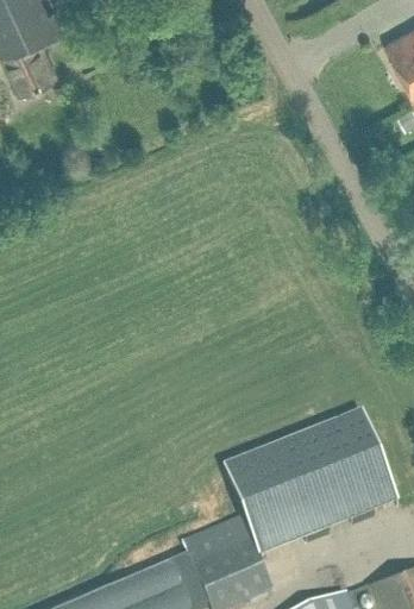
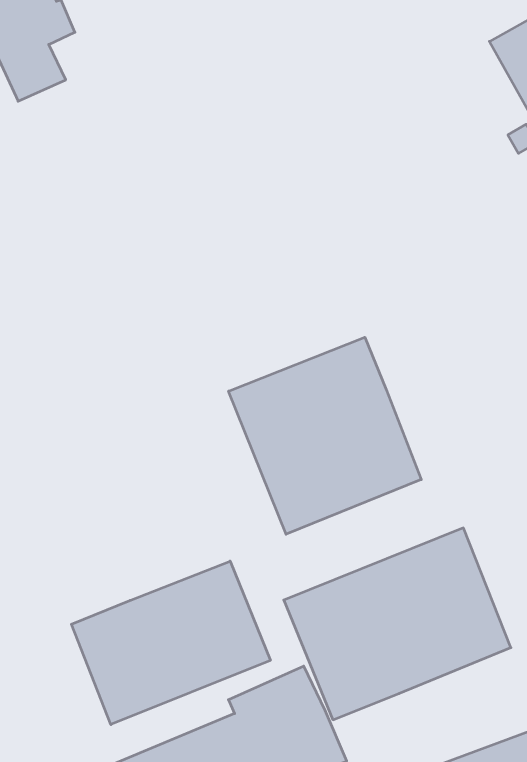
building: none -> [229,337,421,534]
building: none -> [71,561,270,725]

